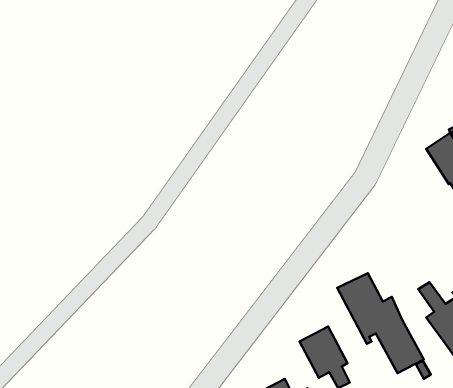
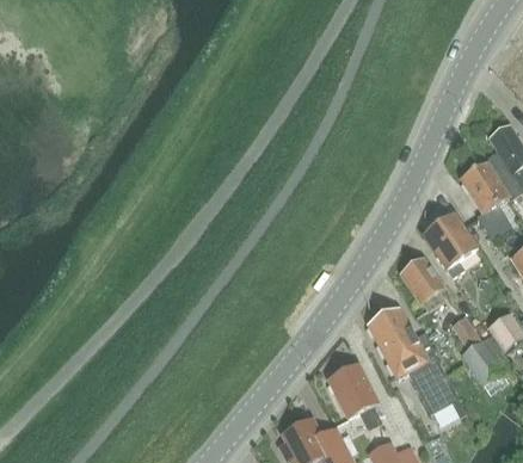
building: none -> [422,212,476,276]
building: none -> [399,257,443,309]

